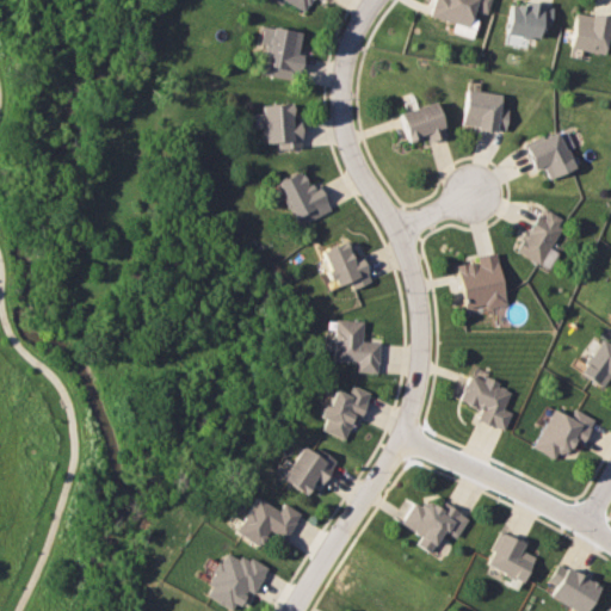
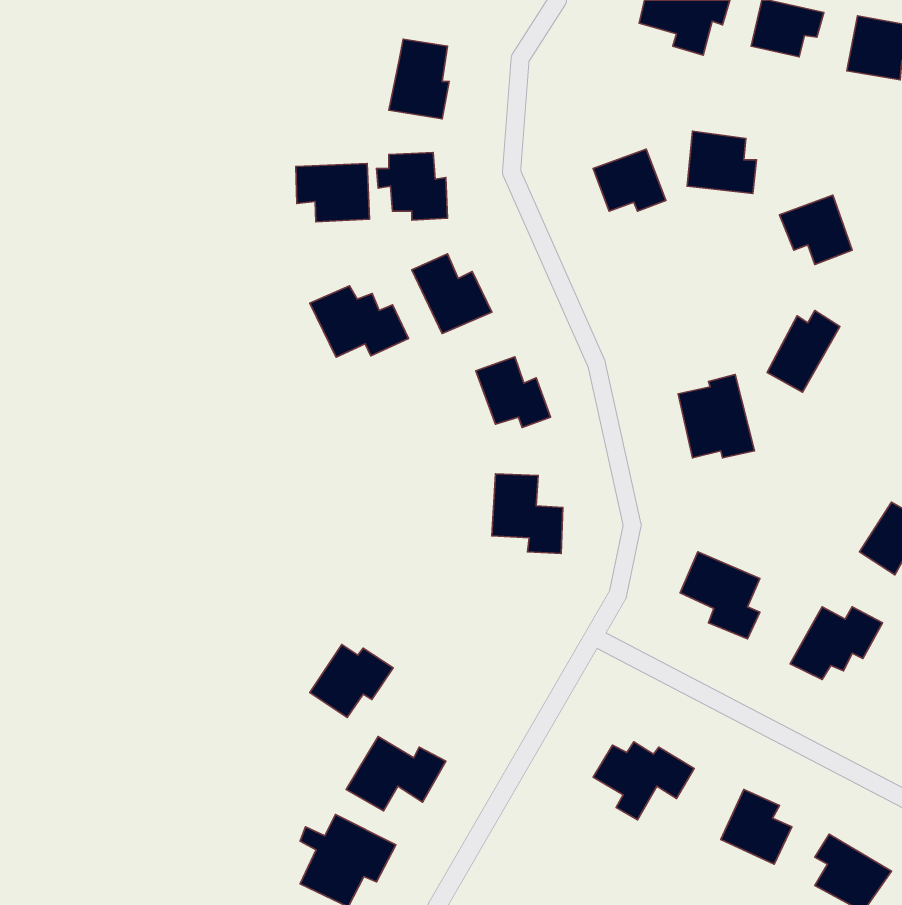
building: none -> [296,163,369,222]
building: none -> [310,286,408,357]
building: [323,385,372,440] -> none
building: [283,446,339,495] -> [310,645,393,717]

